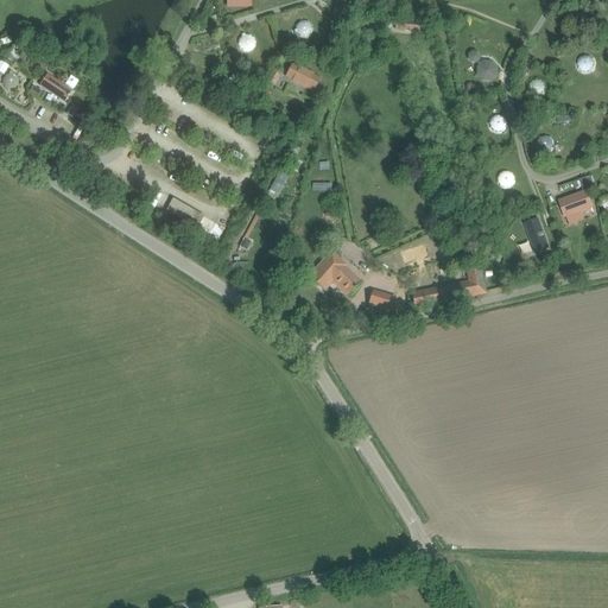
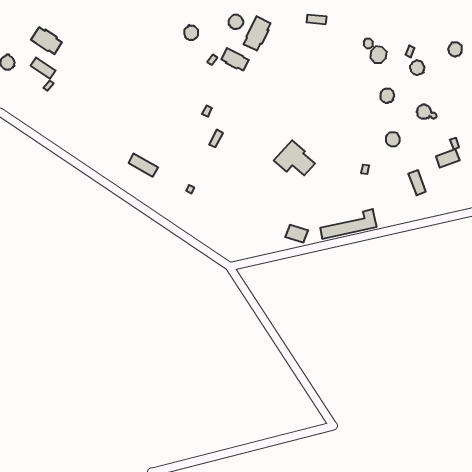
building: none -> [244,16,270,51]
building: none -> [31,27,62,54]
building: [306,249,360,294] -> [274,140,315,175]

